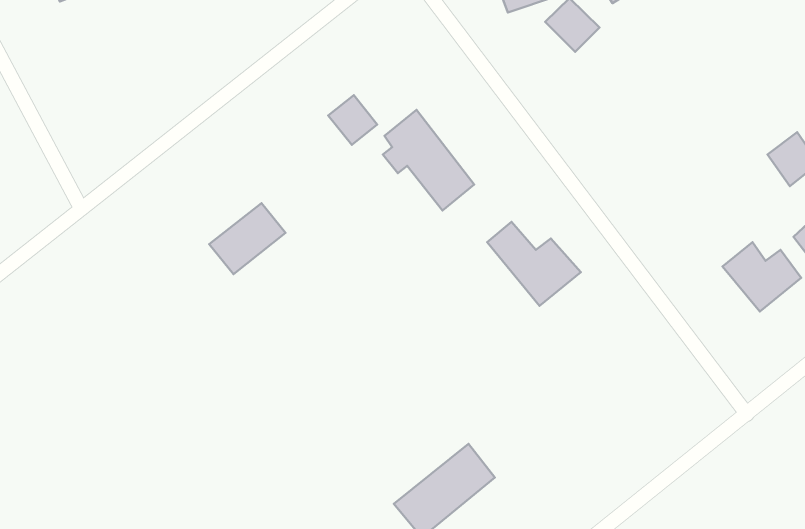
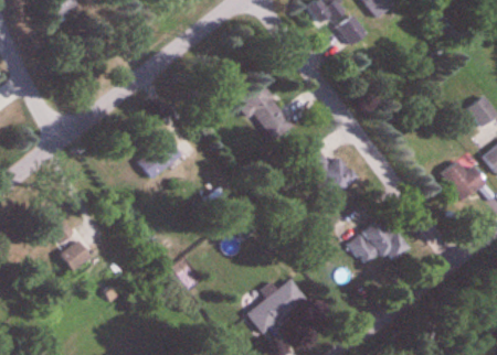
building: [328,95,377,145] -> none
building: none -> [348,215,410,266]
building: none -> [60,240,91,270]

